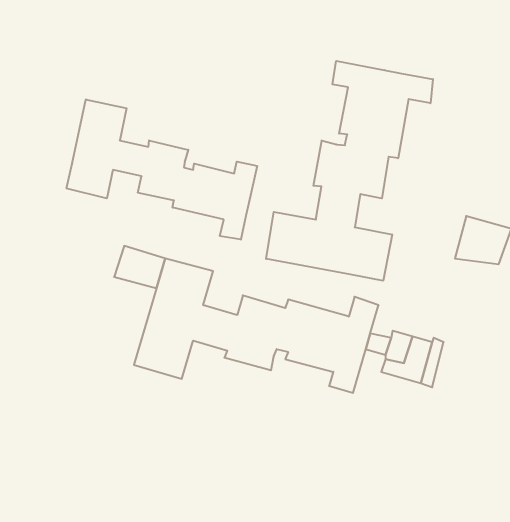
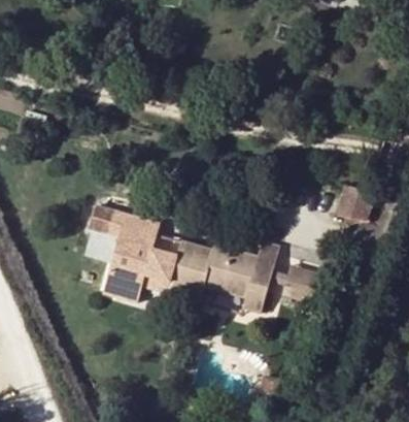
building: [266,61,433,281] -> none
building: [67,99,257,240] -> none

